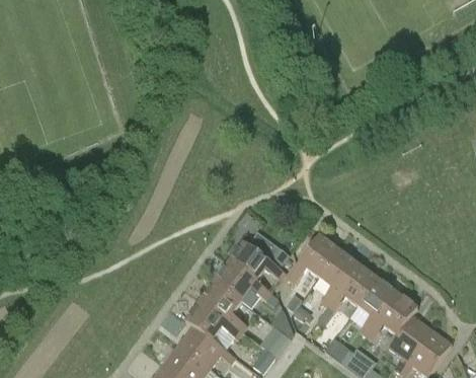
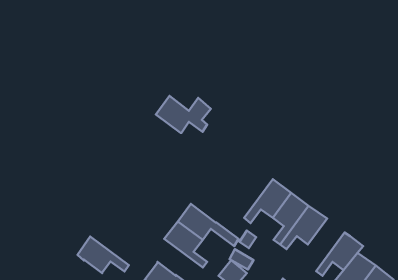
building: [229,241,290,282] -> [156,96,211,133]
building: [358,278,398,335] -> none
building: [185,300,242,341] -> [77,236,129,273]

